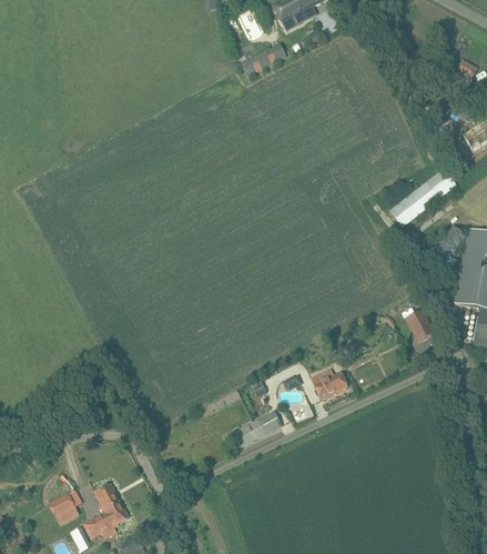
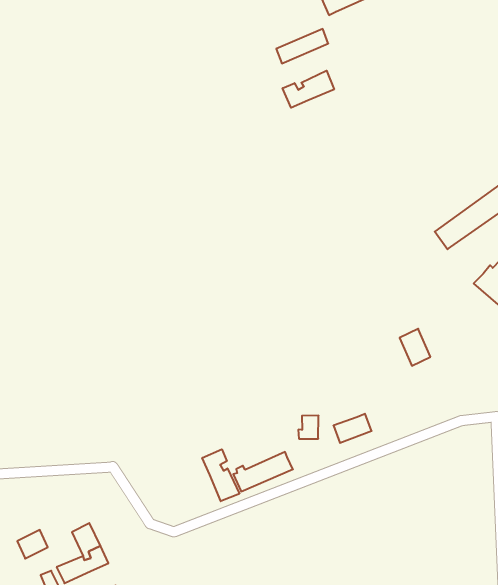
building: none -> [283,71,334,108]
building: [406,309,434,341] -> [400,329,430,366]
building: none -> [202,449,239,501]

